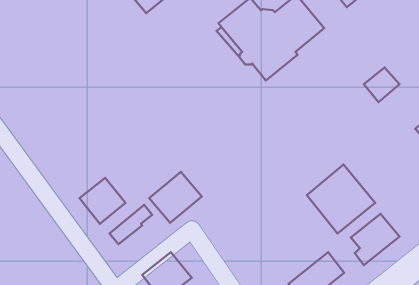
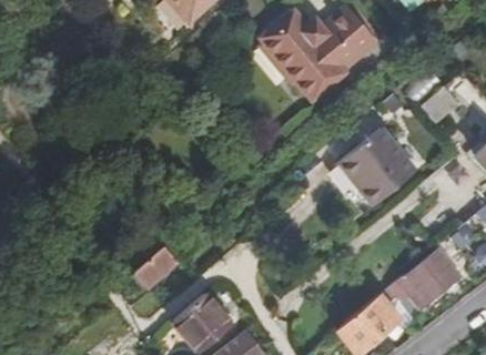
building: [307,164,375,234] -> [338,128,415,205]
building: [149,172,202,223] -> none
building: [80,178,126,224] -> none

